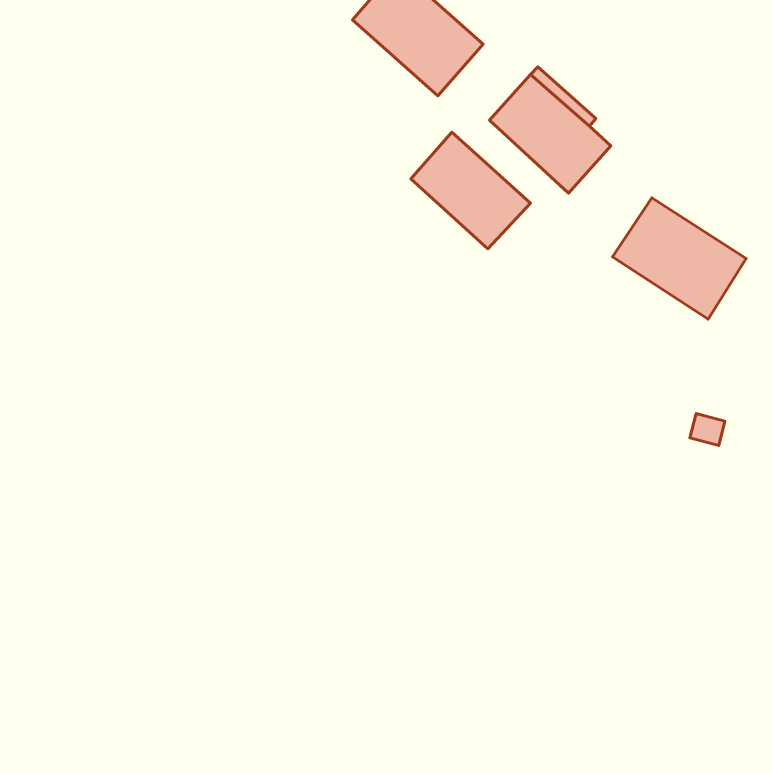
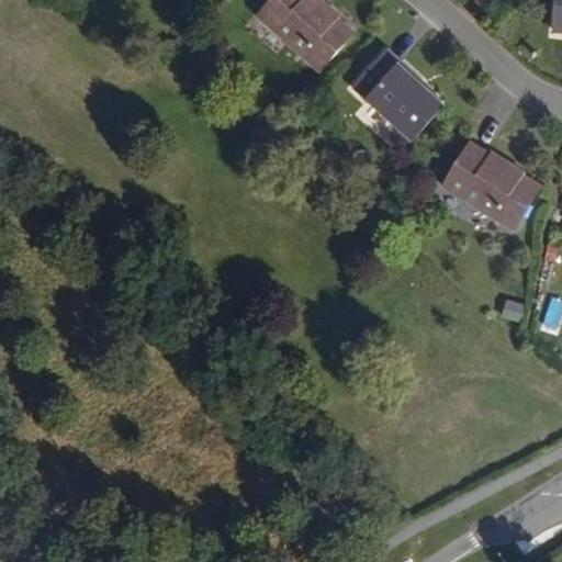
building: [411,132,531,249] -> none

